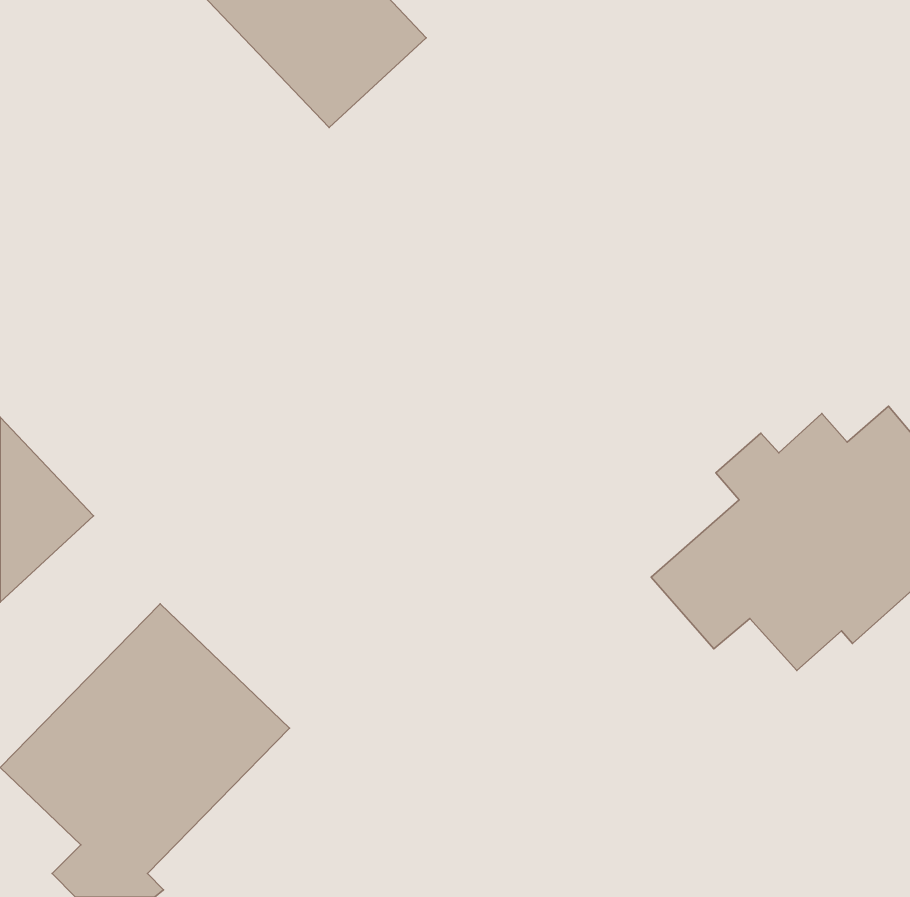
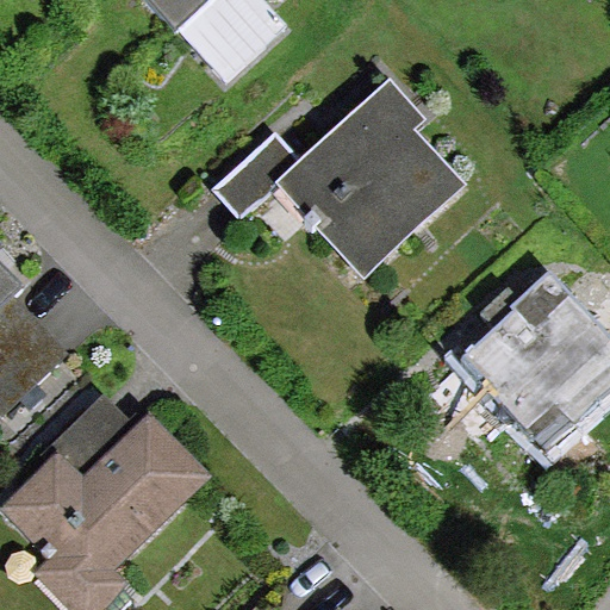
building: none -> [217,80,462,276]

